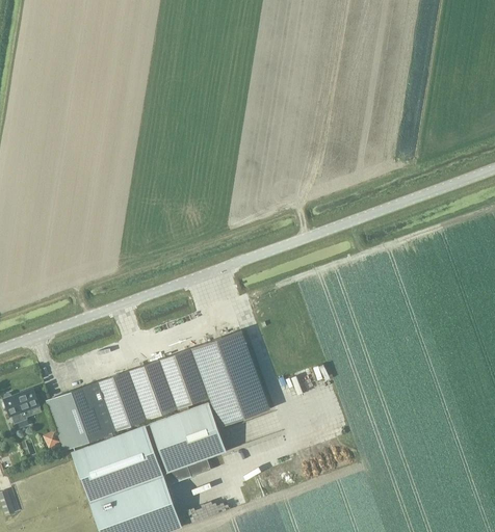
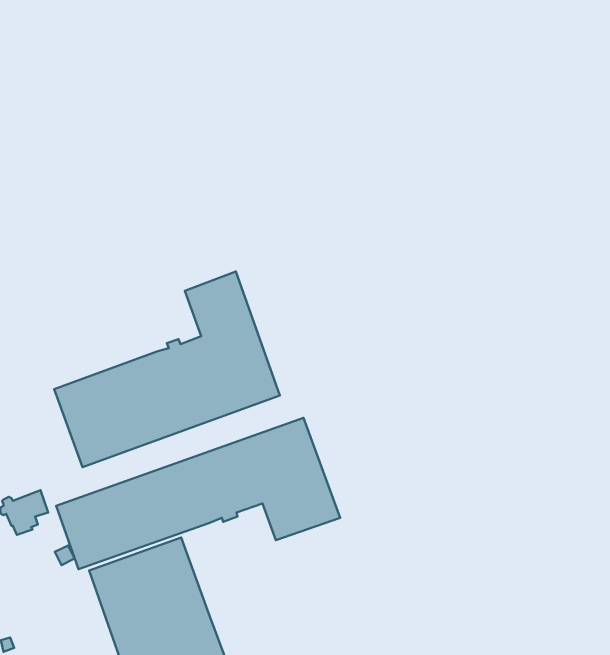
building: none -> [54,272,280,467]
building: [150,402,226,478] -> none

